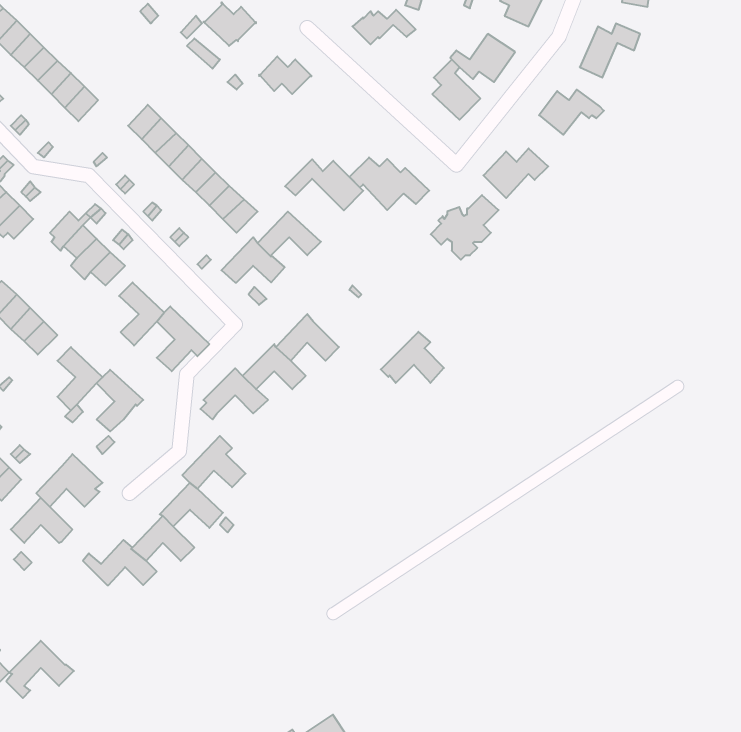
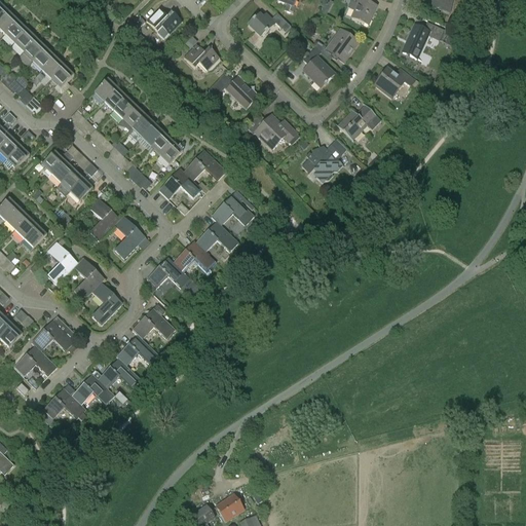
building: [285,159,363,210] -> [205,74,259,109]
building: [381,332,444,383] -> [211,190,254,225]
building: none -> [91,281,122,325]
building: [6,641,74,698] -> [40,388,86,427]

